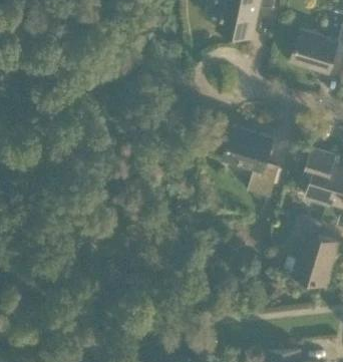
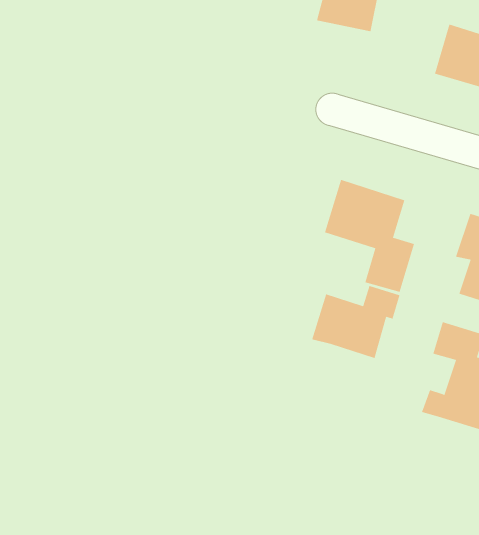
building: none -> [311,285,400,359]

